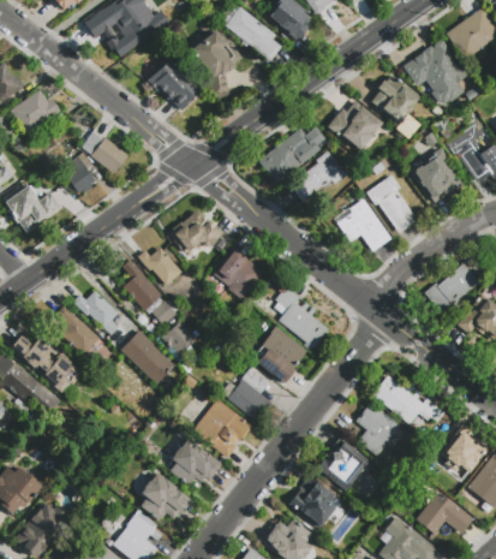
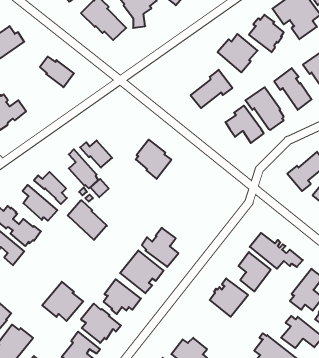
building: [258,126,328,183] -> none
building: [66,151,95,192] -> none
building: [166,210,222,254] -> none
building: [274,287,329,347] -> none
building: [161,319,198,355] -> none
building: [251,323,307,380] -> none
building: none -> [42,282,83,321]
building: [286,475,337,528] -> none

